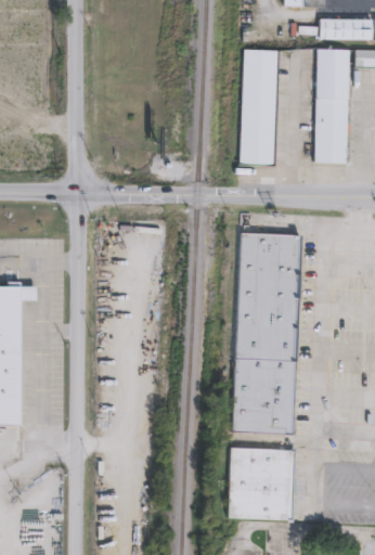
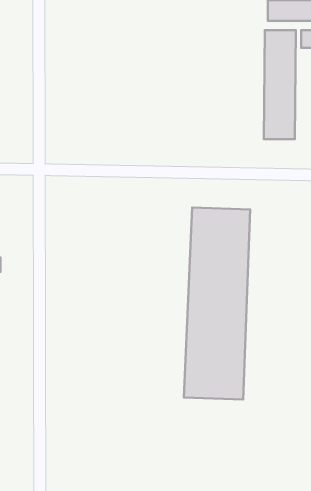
building: [240,48,276,164] -> none
building: [229,449,294,520] -> none

